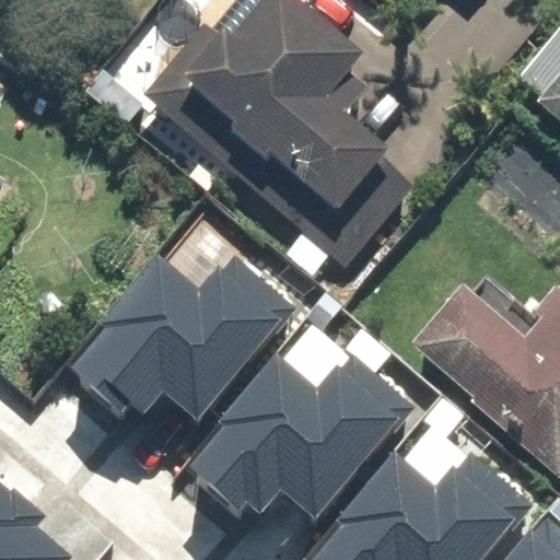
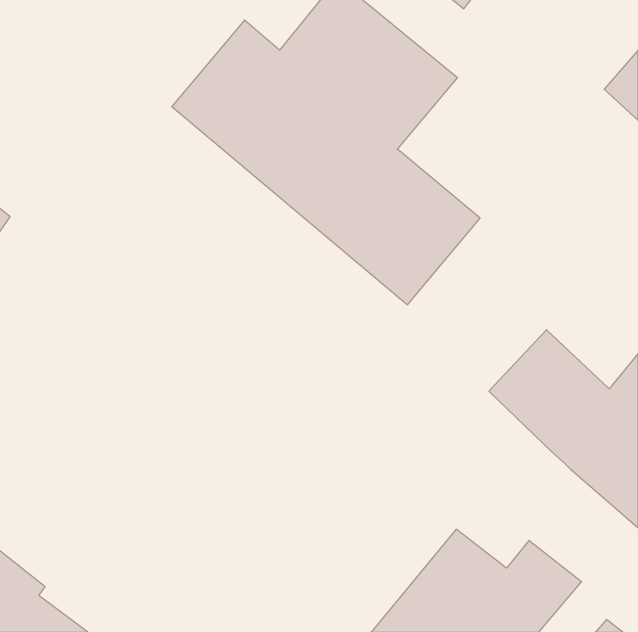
building: [67,261,278,422] -> none
building: [187,360,388,508] -> none

